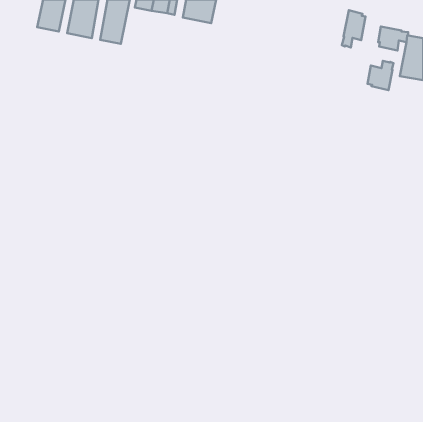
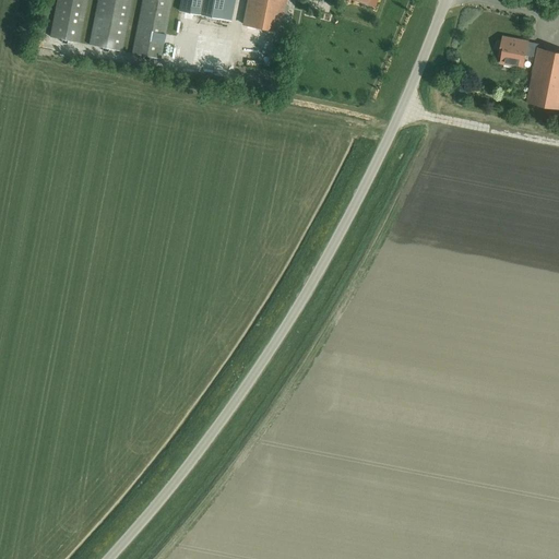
building: [342,10,366,47] -> none
building: [368,61,394,90] -> none

